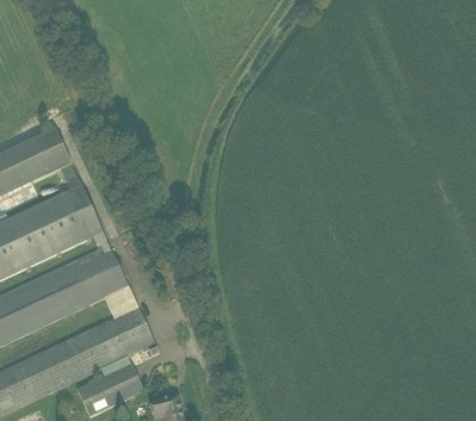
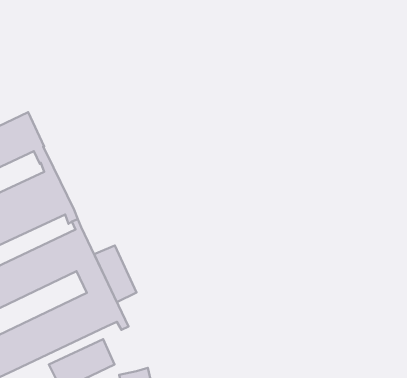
building: none -> [94,245,137,302]

